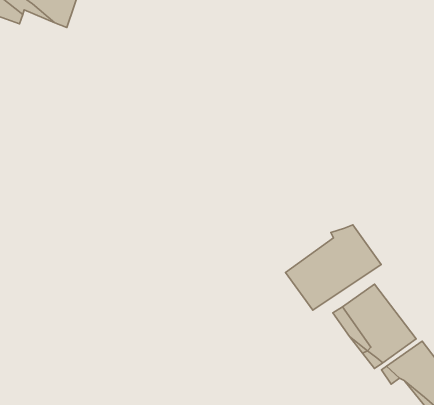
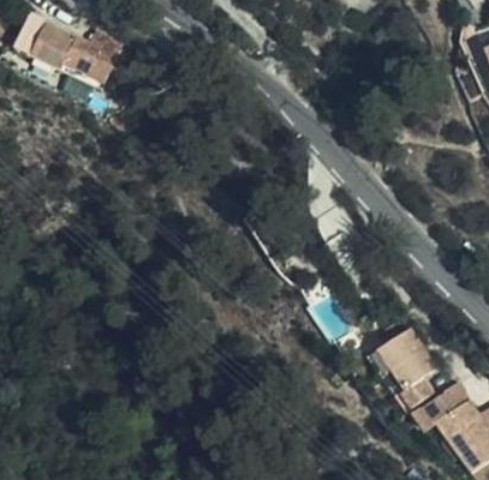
building: [286,225,381,310] -> none

